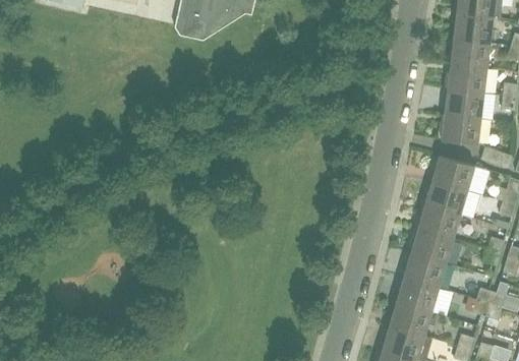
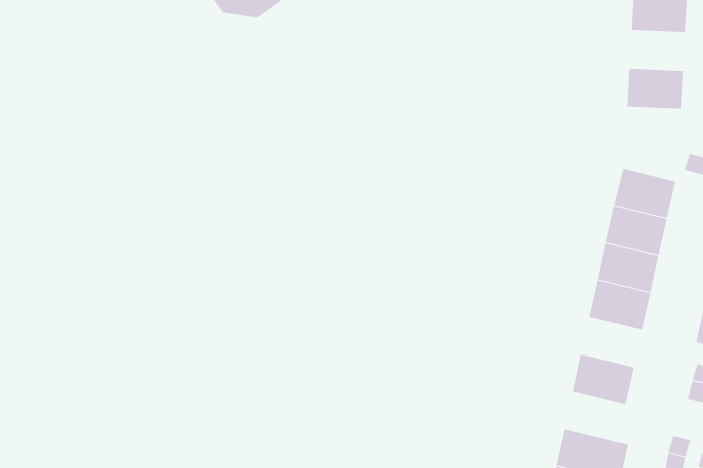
building: [449,64,488,94] -> none
building: [443,115,482,144] -> none
building: [404,253,447,289] -> none
building: [390,302,432,338] -> none

